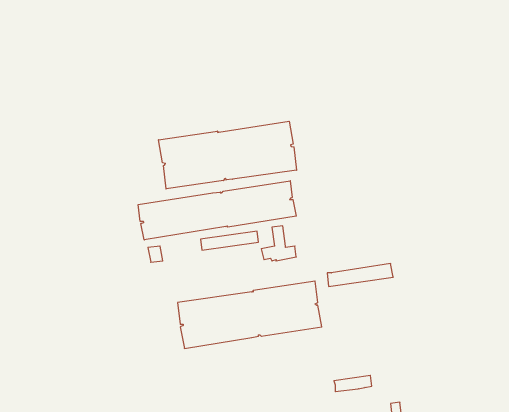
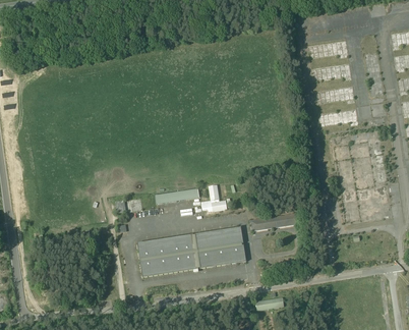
building: [159,121,297,189] -> none
building: [138,181,296,240] -> none

